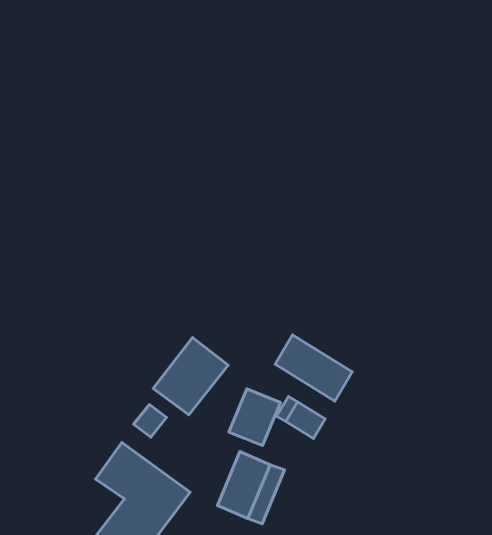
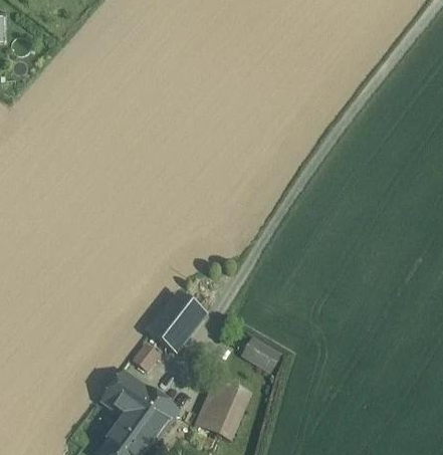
building: [275,335,352,401] -> none
building: [229,389,280,446] -> none

